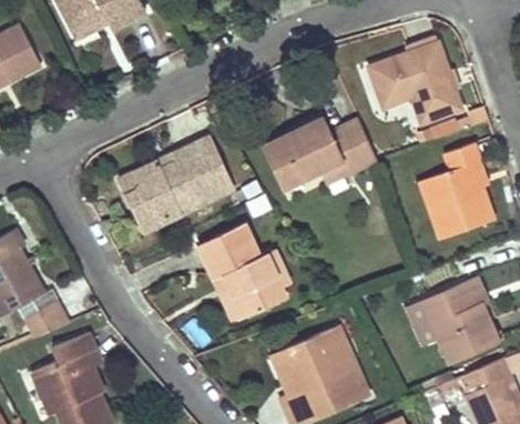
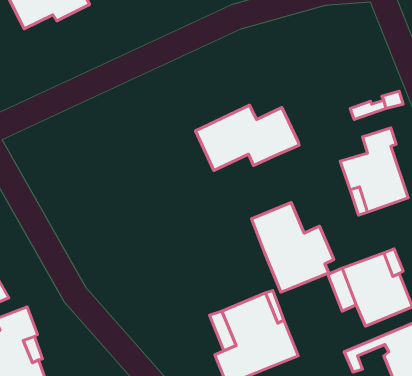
building: [366,39,458,121] -> none
building: [116,137,232,230] -> none
building: [201,224,290,322] -> [251,203,334,292]

